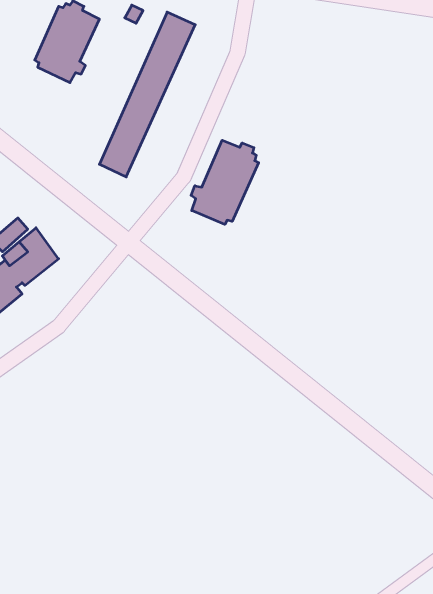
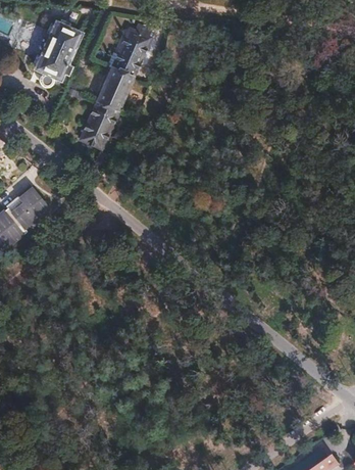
building: [191,140,259,224] -> none

